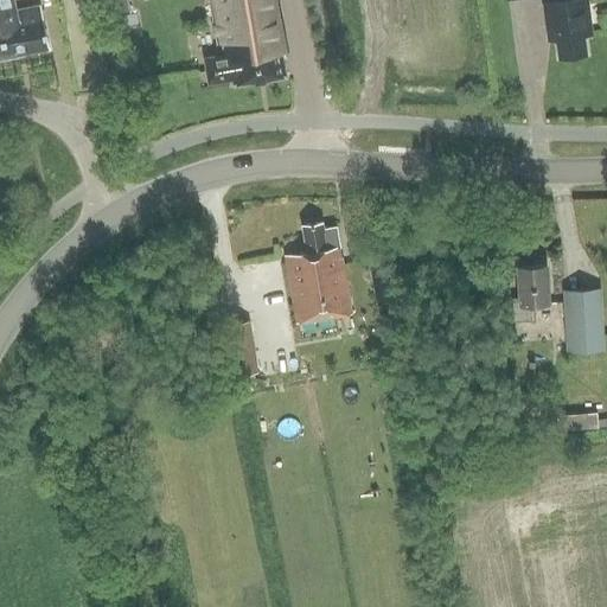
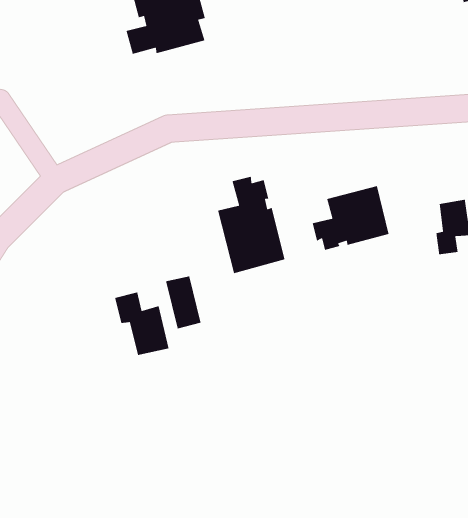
building: none -> [312,185,390,251]
building: none -> [114,292,169,356]

